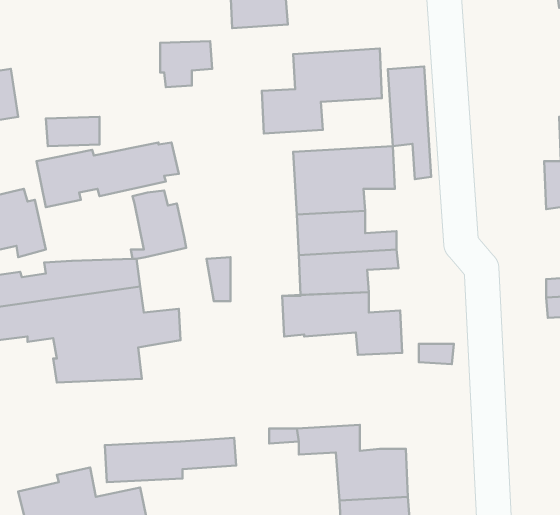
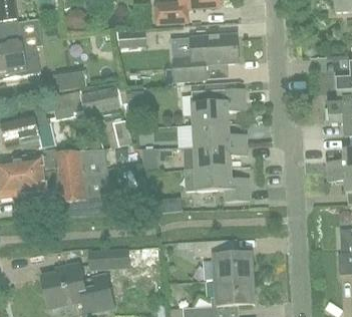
building: [388,67,431,179] -> none

